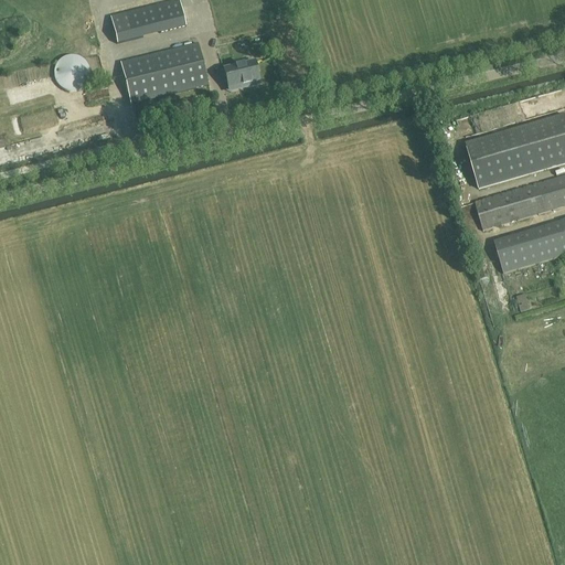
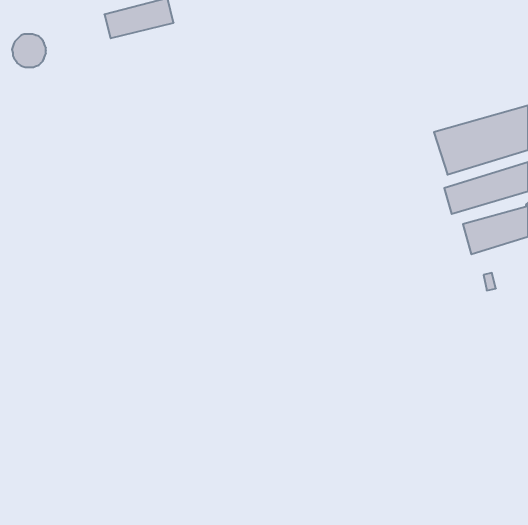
building: [121,41,209,102] -> none
building: [53,53,89,88] -> [12,34,46,67]
building: [224,60,259,86] -> none

